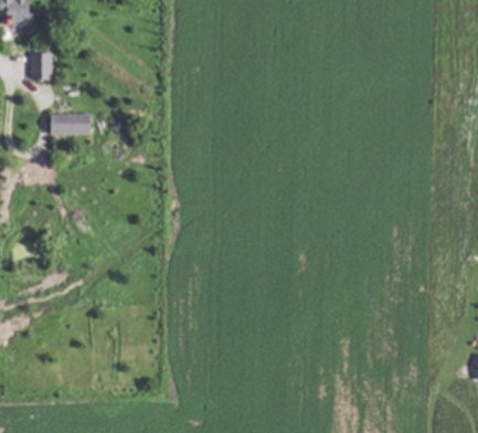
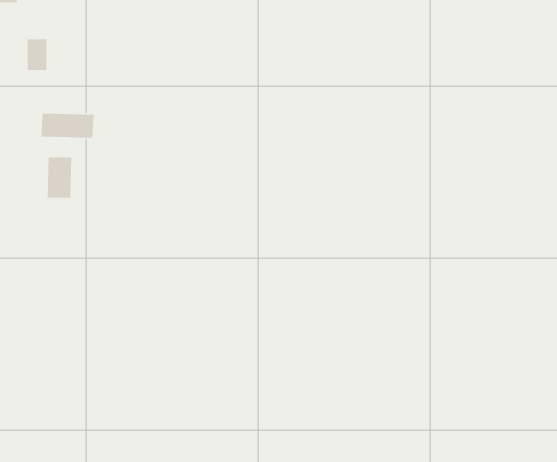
building: none -> [47,156,72,198]

